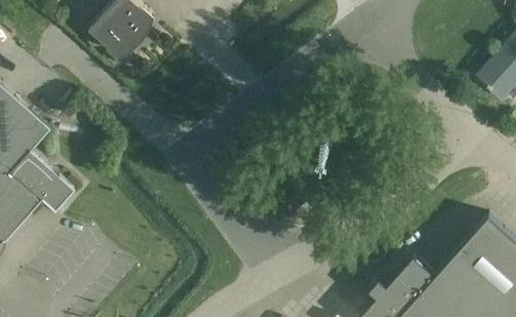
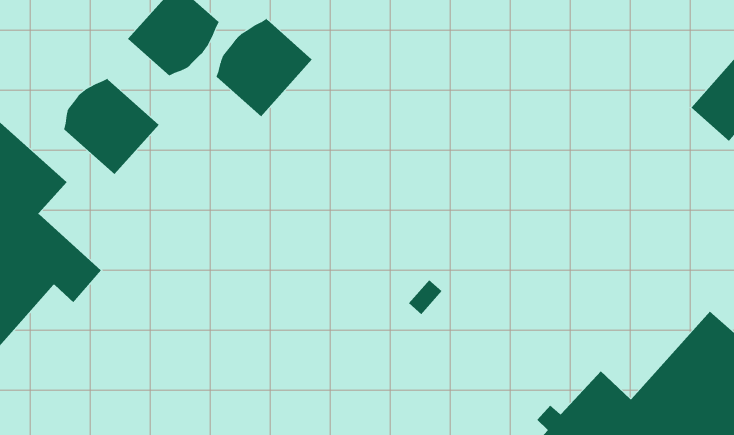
building: none -> [216,18,313,117]
building: none -> [64,78,159,175]

